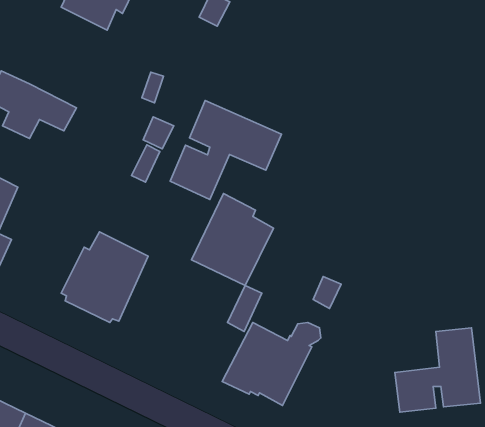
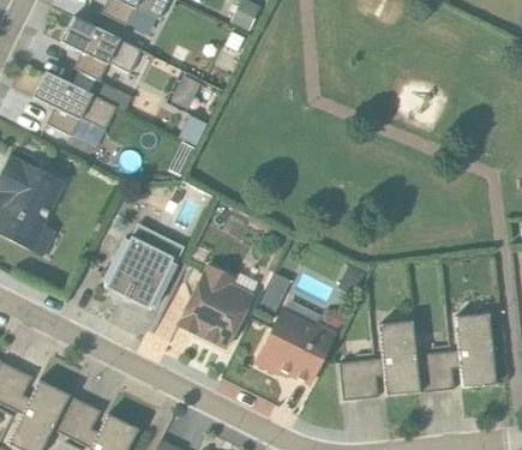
building: none -> [61,16,142,110]
building: [170,100,281,199] -> none
building: [192,194,273,286] -> [176,263,253,349]
building: none -> [338,322,420,401]

